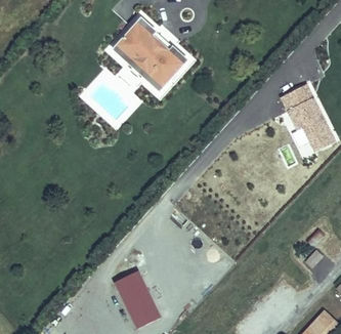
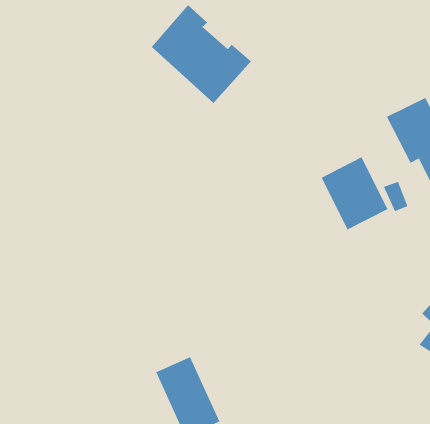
building: none -> [320,156,388,231]

